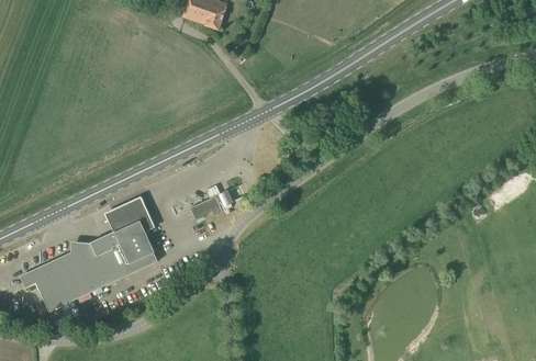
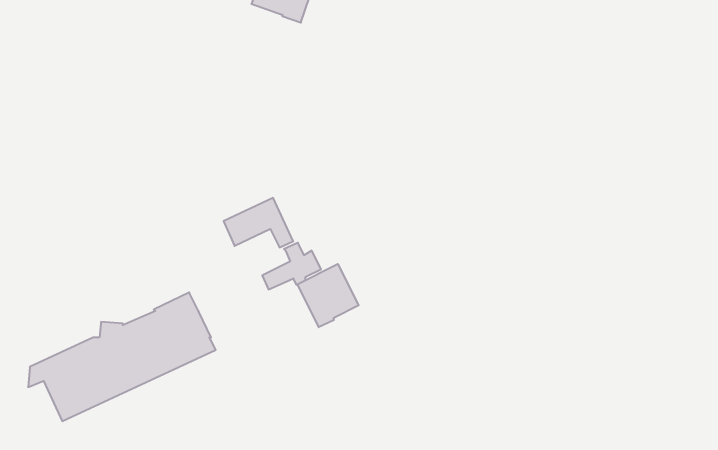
building: [105,198,155,233] -> [224,198,293,247]
building: none -> [298,264,359,327]

